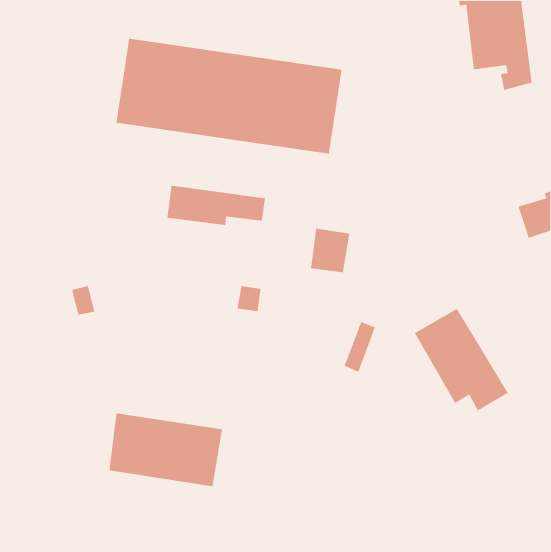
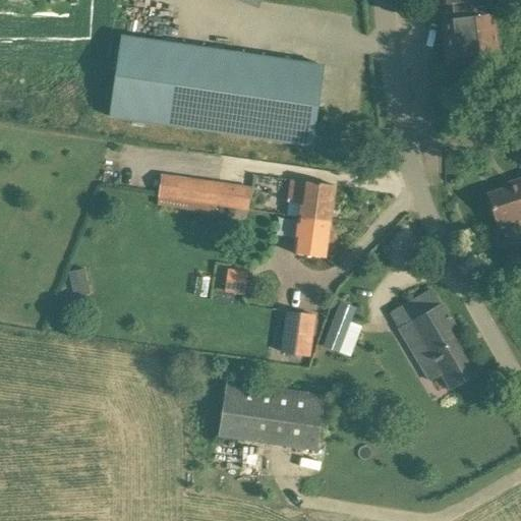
building: none -> [288,179,335,220]
building: none -> [281,311,319,357]
building: [108,413,223,487] -> [218,381,326,451]

